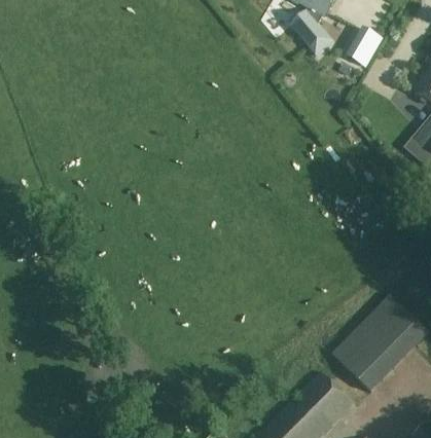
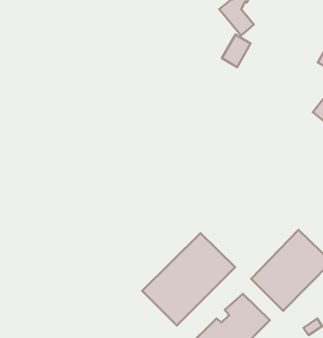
building: [347,25,382,65] -> [222,34,251,67]
building: none -> [142,233,235,326]

